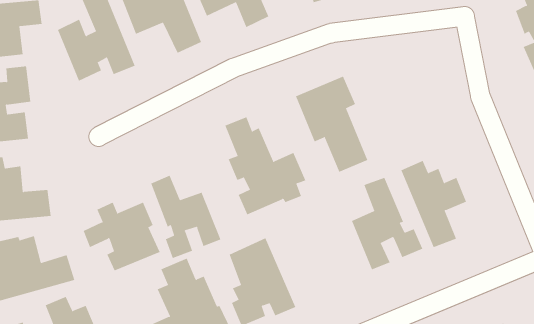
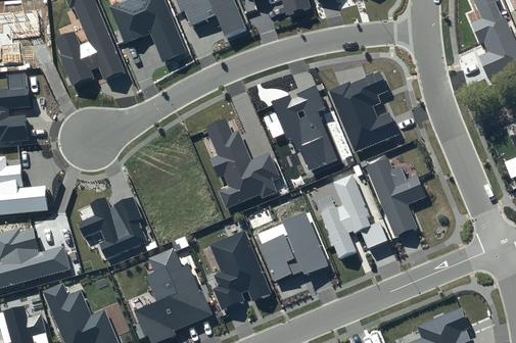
building: none -> [328,68,398,152]
building: [151,175,221,259] -> none
building: none -> [259,210,327,282]

